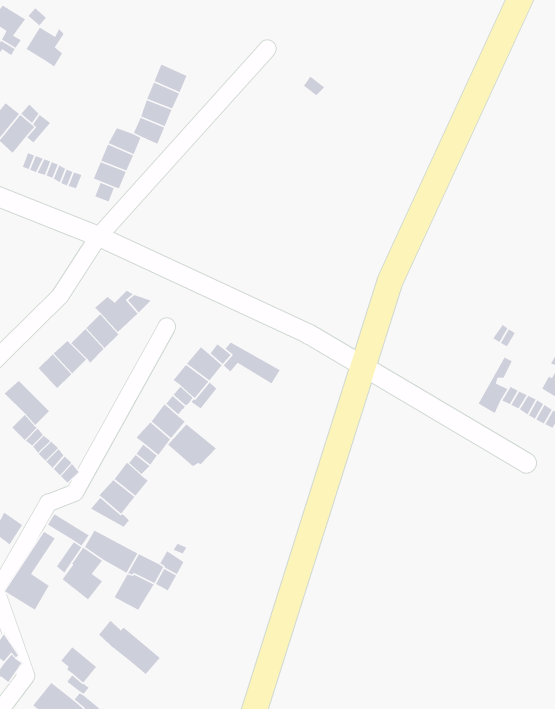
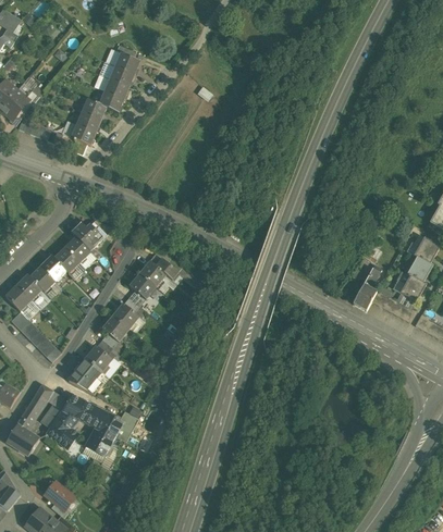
building: [25,27,65,67] -> none
building: none -> [15,274,49,308]
building: [167,424,217,467] -> none
building: [98,620,161,675] -> none

